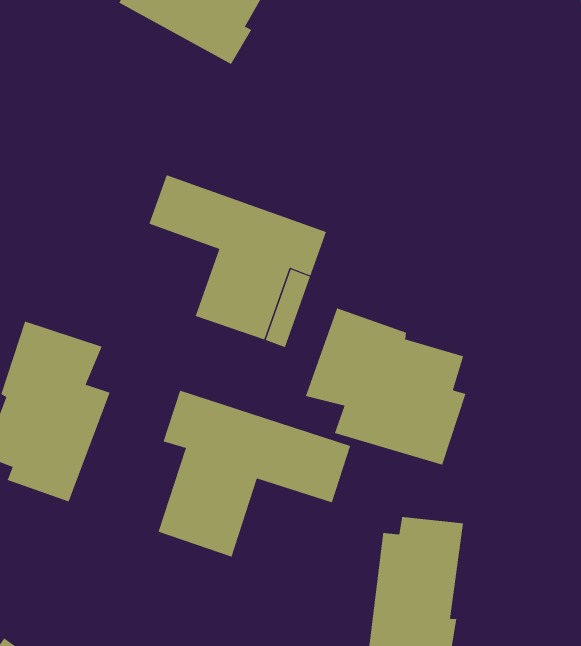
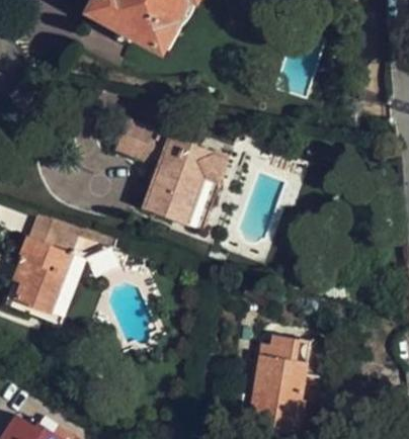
building: [305,307,466,466] -> none
building: [158,390,351,557] -> none

